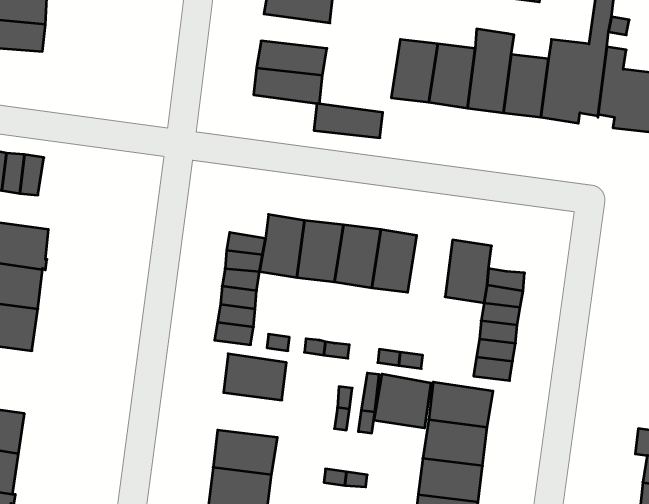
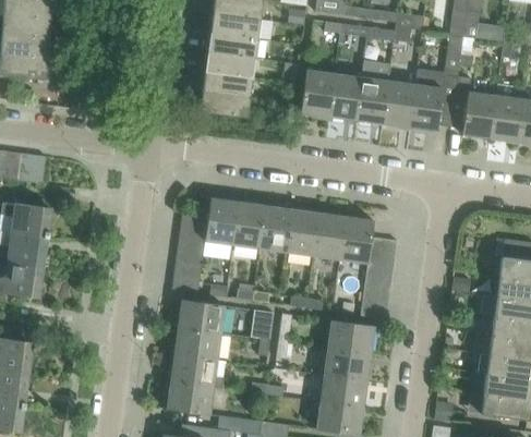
building: [314,103,383,138] -> [205,51,255,76]
building: none -> [312,213,345,257]
building: [374,374,431,428] -> none
building: none -> [173,327,220,360]

